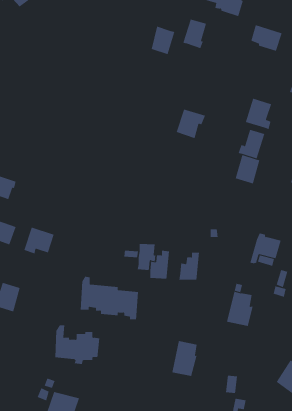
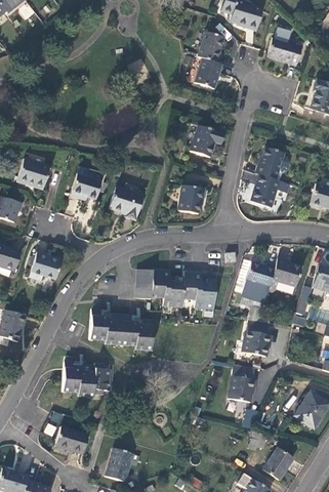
building: [151,26,175,55] -> [195,57,220,88]
building: [245,98,272,130] -> none
building: none -> [17,159,49,189]
building: none -> [71,167,101,200]
building: none -> [174,179,204,210]
building: none -> [109,187,143,216]
building: none -> [241,261,275,299]
building: none -> [181,271,201,300]
building: [171,341,198,376] -> [228,363,255,401]

